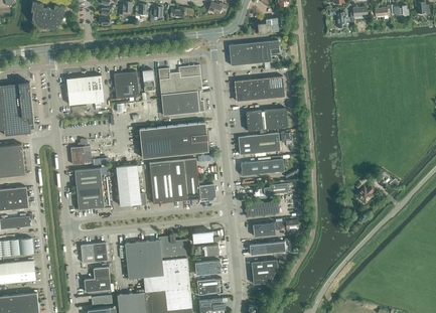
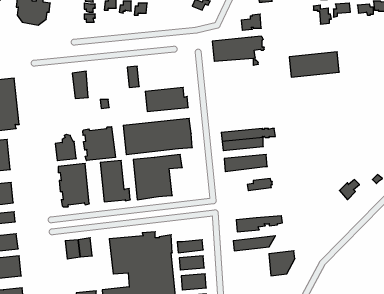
building: [159,65,202,96] -> none
building: [114,71,139,99] -> none
building: [235,76,285,102] -> [289,52,339,77]
building: [66,77,91,105] -> none
building: [246,109,288,132] -> none
building: none -> [83,127,115,161]
building: [185,172,215,201] -> none
building: [245,201,279,217] -> none
building: [252,260,278,285] -> [269,251,295,276]
building: [85,267,111,292] -> none

